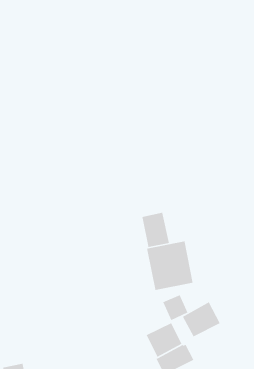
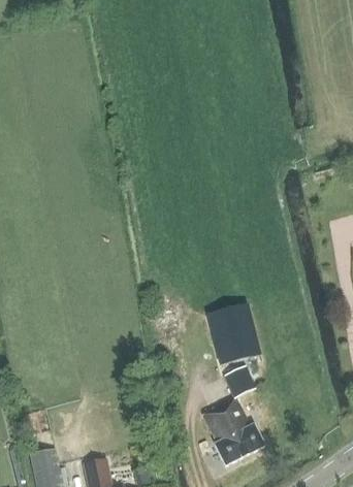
building: [142,212,170,248] -> none
building: [182,301,221,338] -> none

